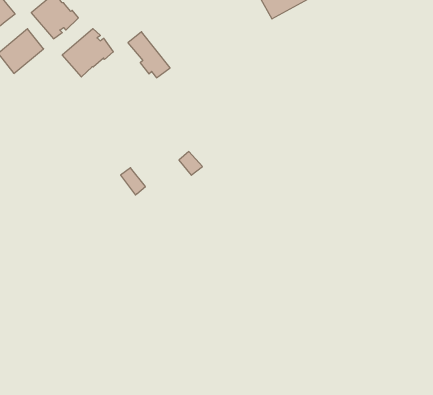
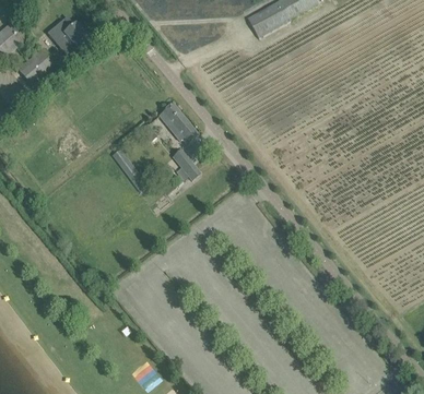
building: [62,29,113,77] -> none
building: [128,32,170,78] -> [161,103,198,143]

